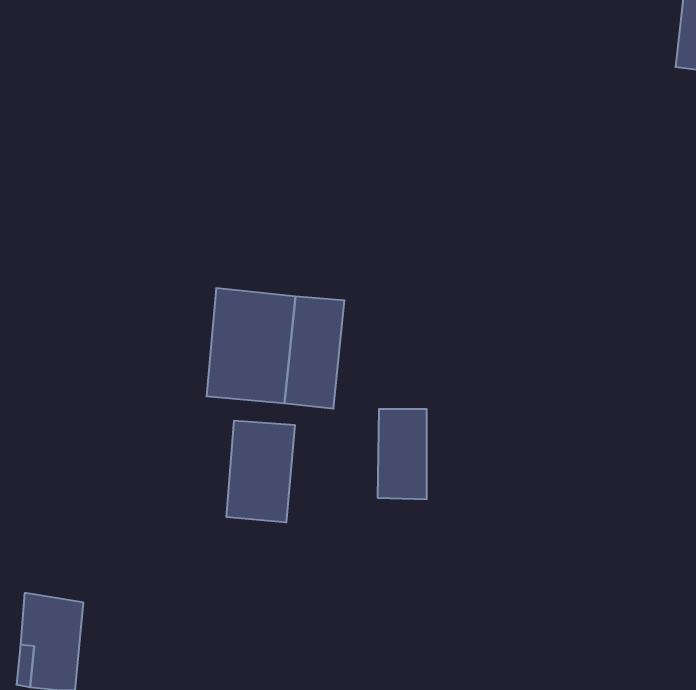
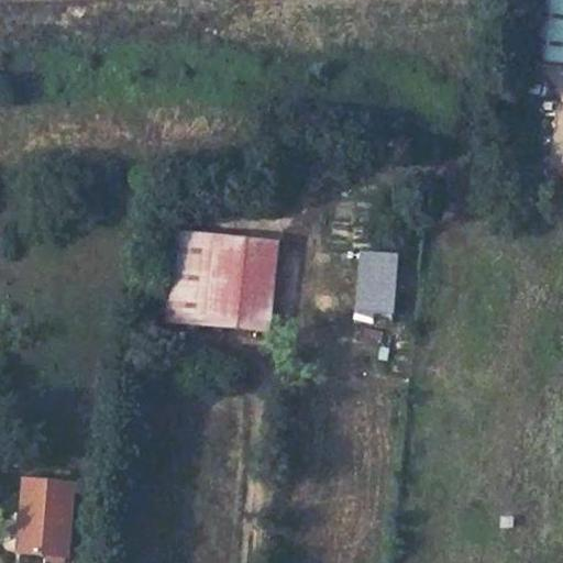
building: [378,409,427,499] -> [360,244,399,317]
building: [227,421,295,523] -> none

